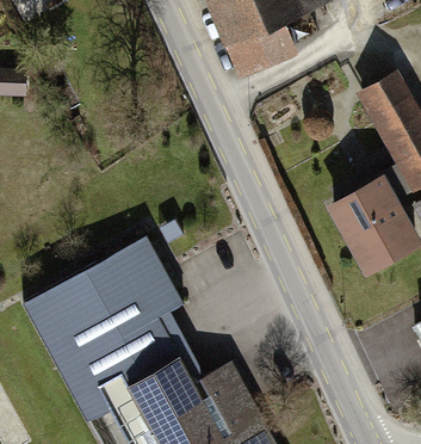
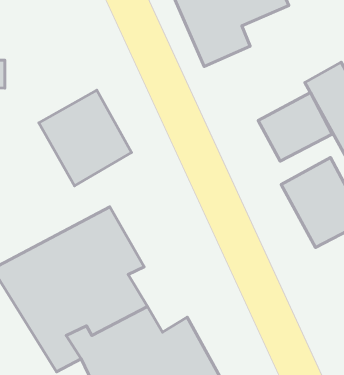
building: none -> [39,90,132,186]
building: none -> [258,93,332,161]

